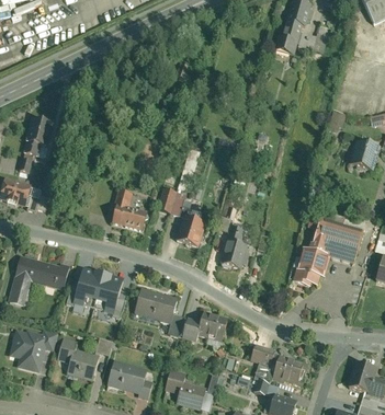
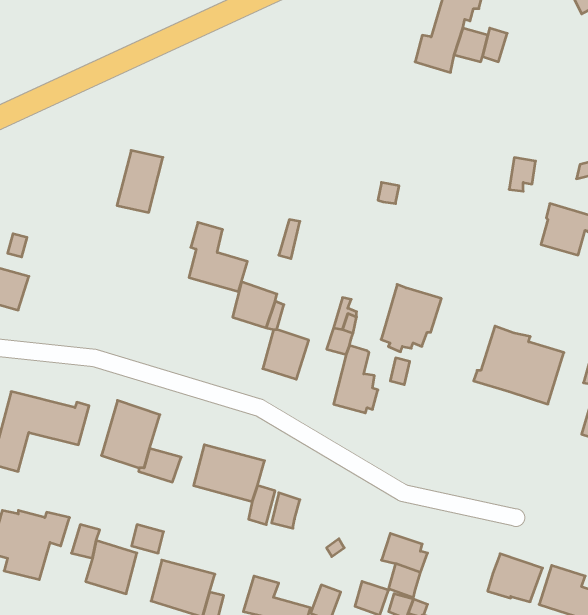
building: [23,117,52,155] -> [117,150,163,212]
building: [112,188,148,231] -> [189,222,247,292]
building: [292,246,329,288] -> [381,284,441,352]
building: [196,311,227,341] -> none
building: [271,355,305,384] -> [488,554,543,602]

